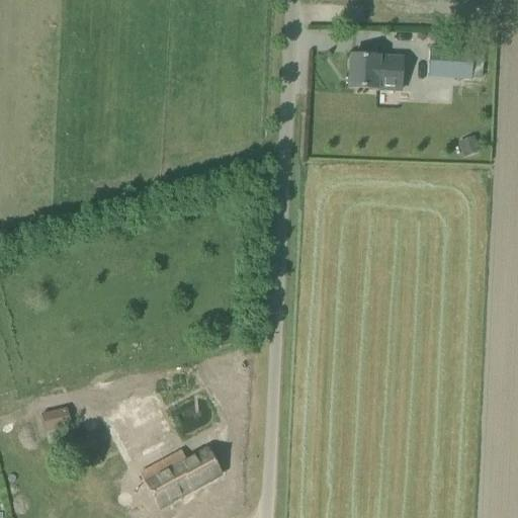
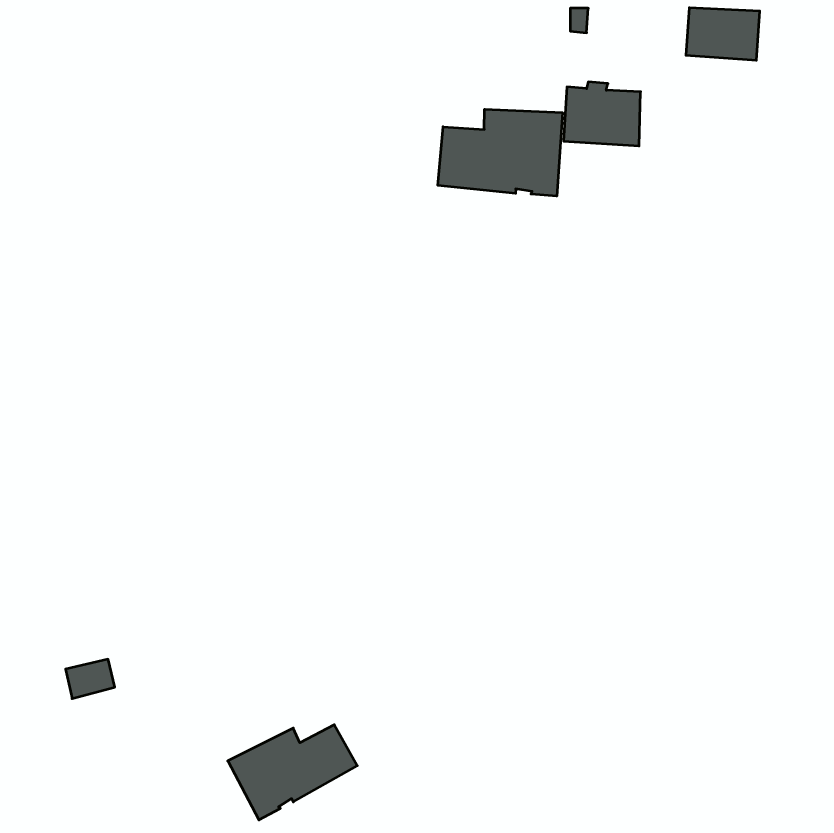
building: [430,46,476,78] -> [686,8,760,60]
building: none -> [438,109,562,196]

